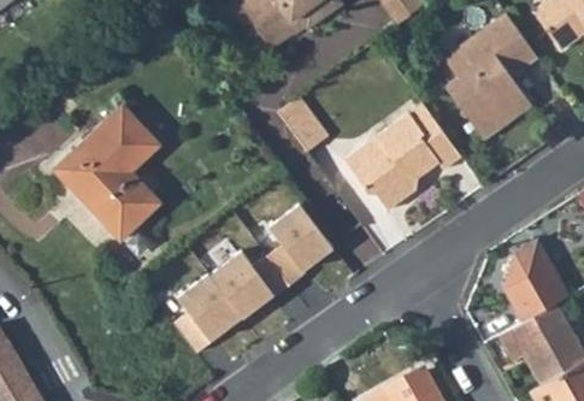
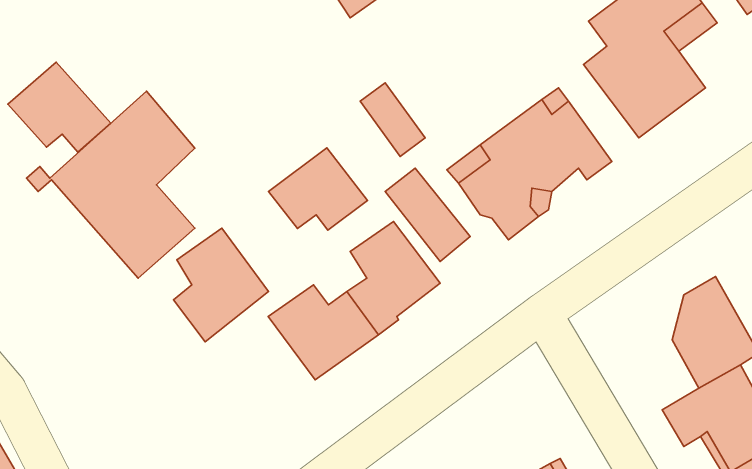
building: none -> [8,62,111,152]
building: none -> [268,148,368,230]
building: [177,269,246,350] -> [173,228,268,342]

